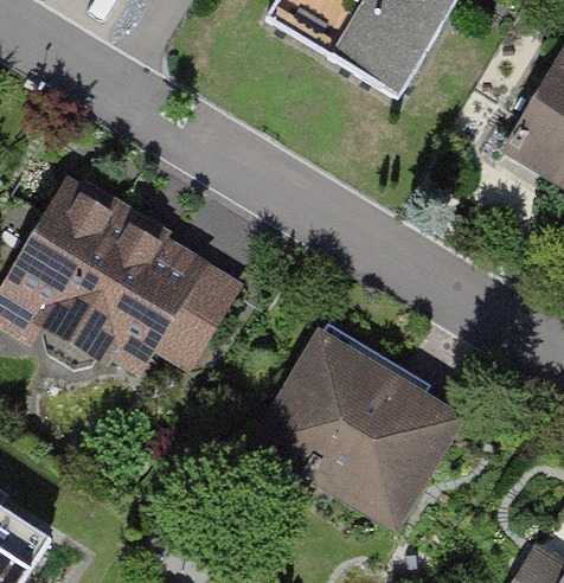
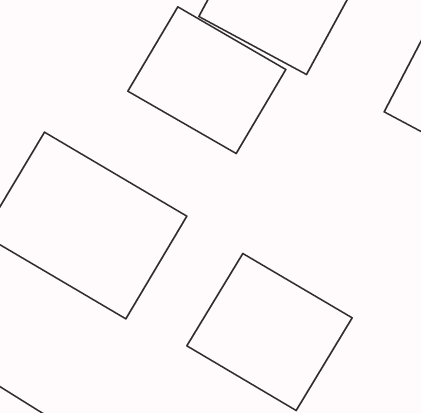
building: none -> [128,7,286,154]

